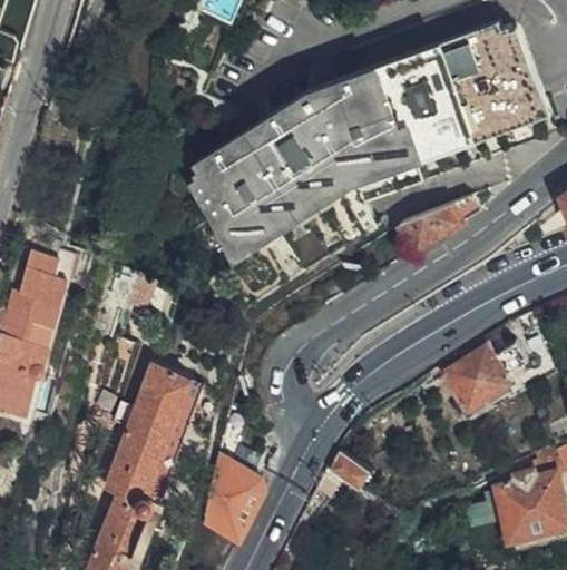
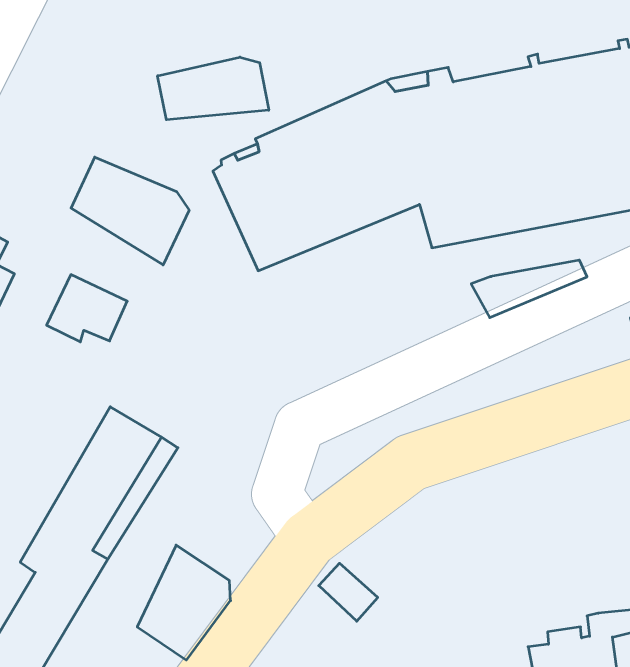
building: none -> [158,57,269,120]
building: none -> [71,157,189,265]
building: [443,341,528,410] -> none

